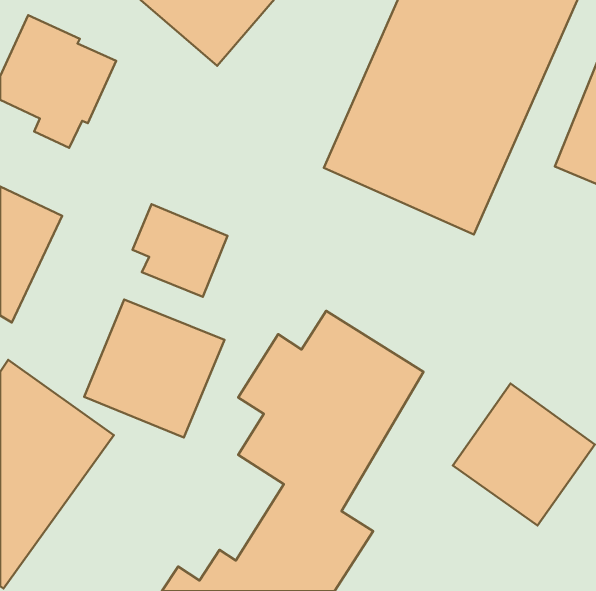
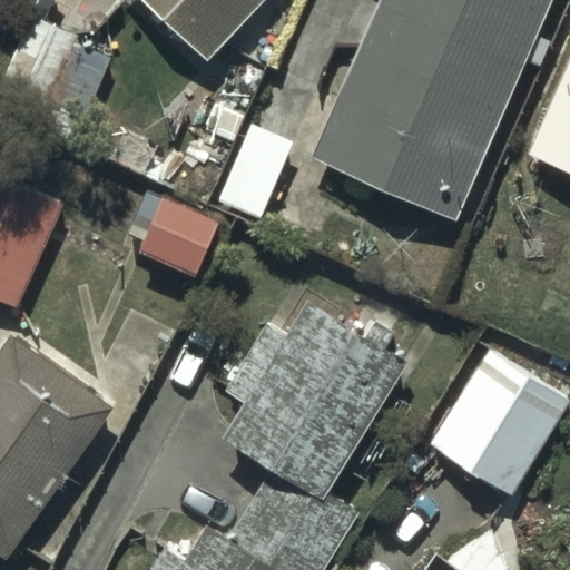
building: [84,300,225,438] -> none

